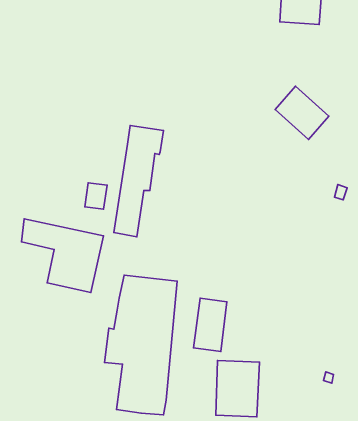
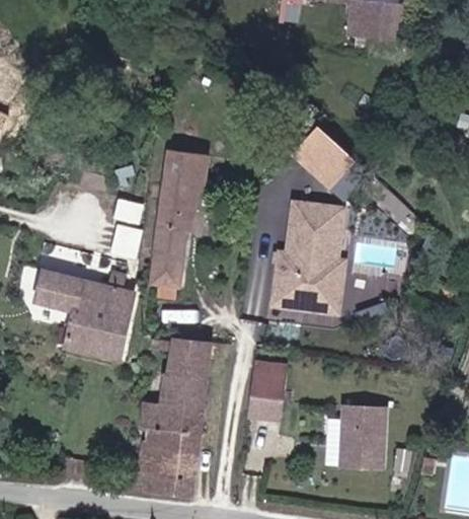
building: [275,86,329,139] -> [290,128,354,191]
building: none -> [266,203,344,315]
building: [216,360,259,417] -> [334,406,386,473]

